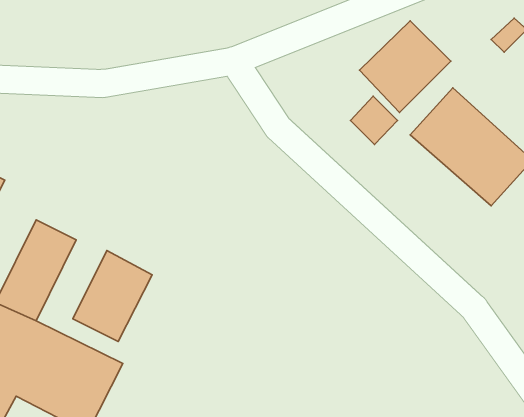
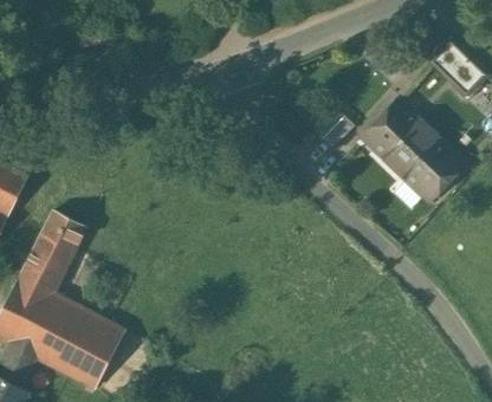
building: [359,21,451,112] -> none
building: [73,250,152,342] -> none

